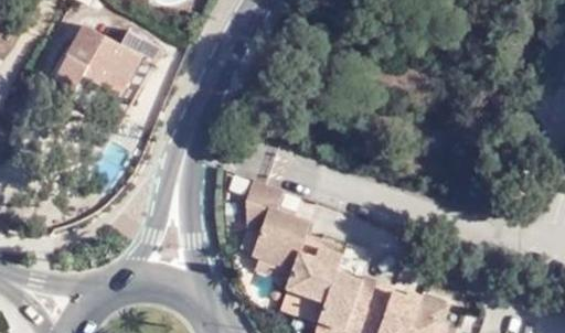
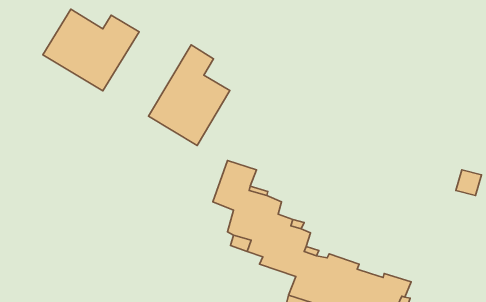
building: none -> [148,45,230,145]

